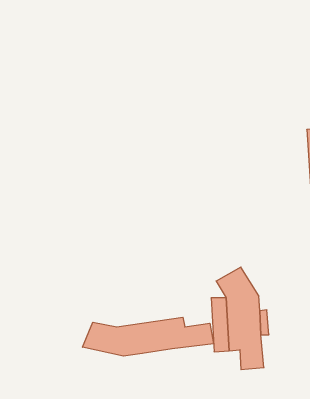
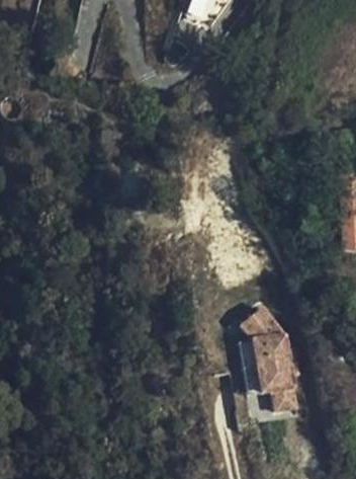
building: [83,317,214,356] -> none

